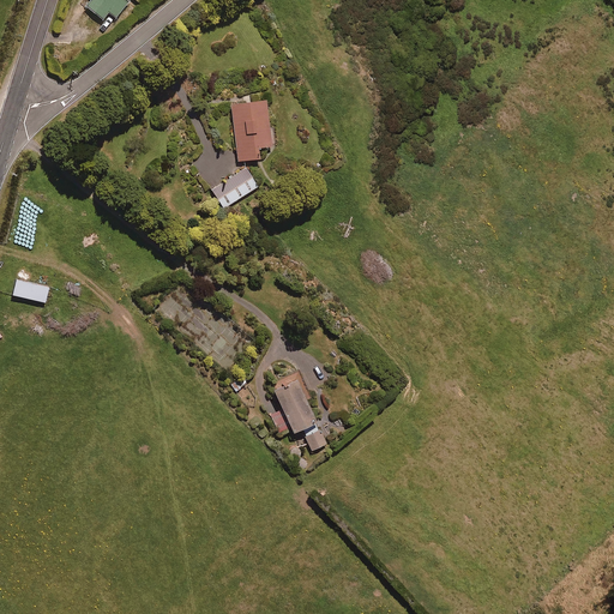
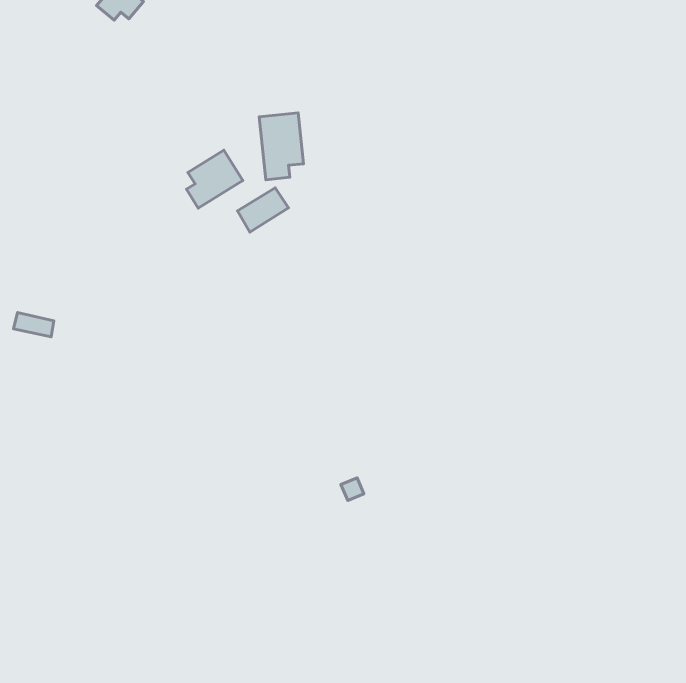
building: none -> [187,150,243,208]
building: [276,384,315,434] -> none

